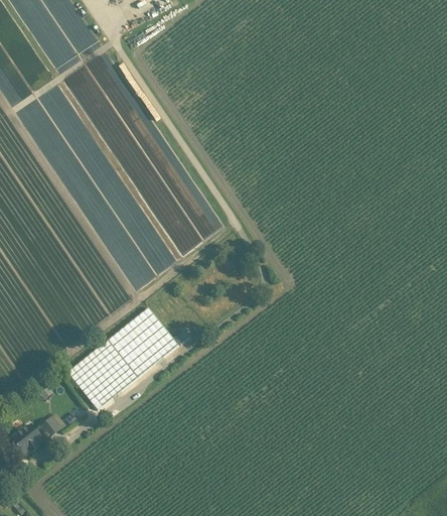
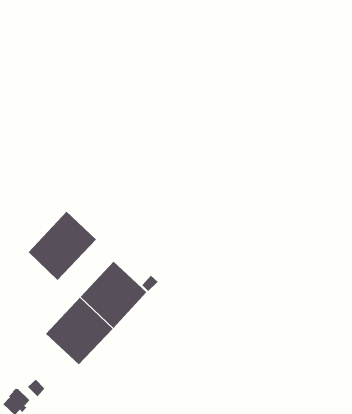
building: none -> [28,211,97,281]

